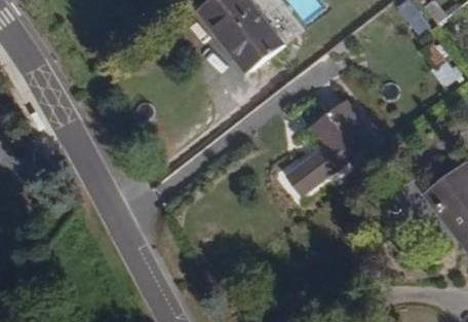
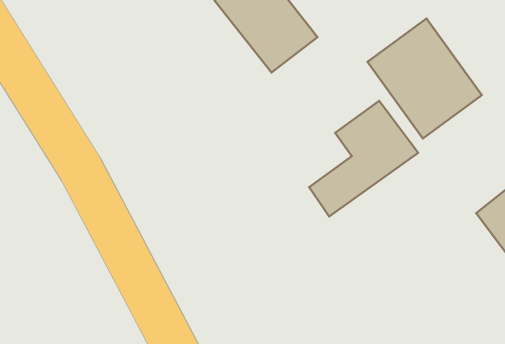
building: none -> [368,18,482,138]

